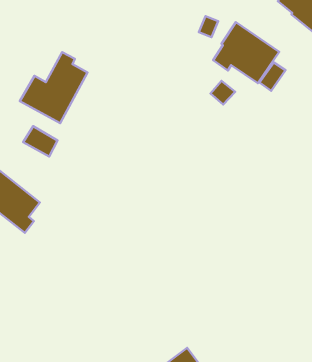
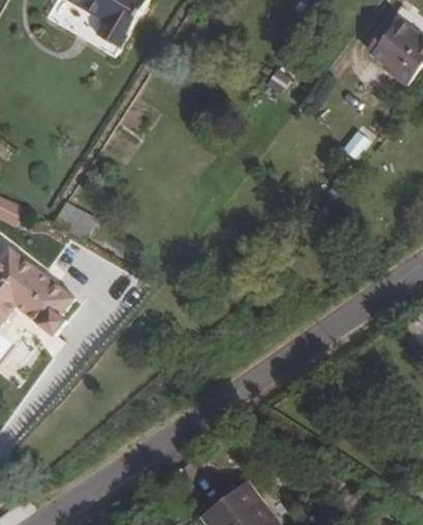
building: [213,22,279,83] -> none
building: [20,52,87,123] -> none

